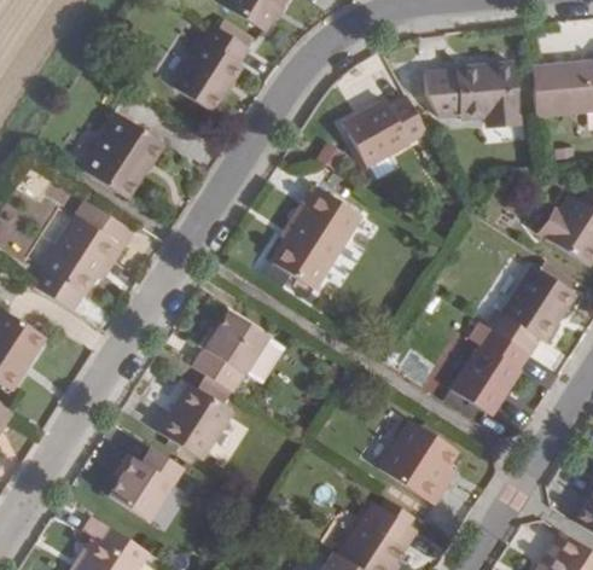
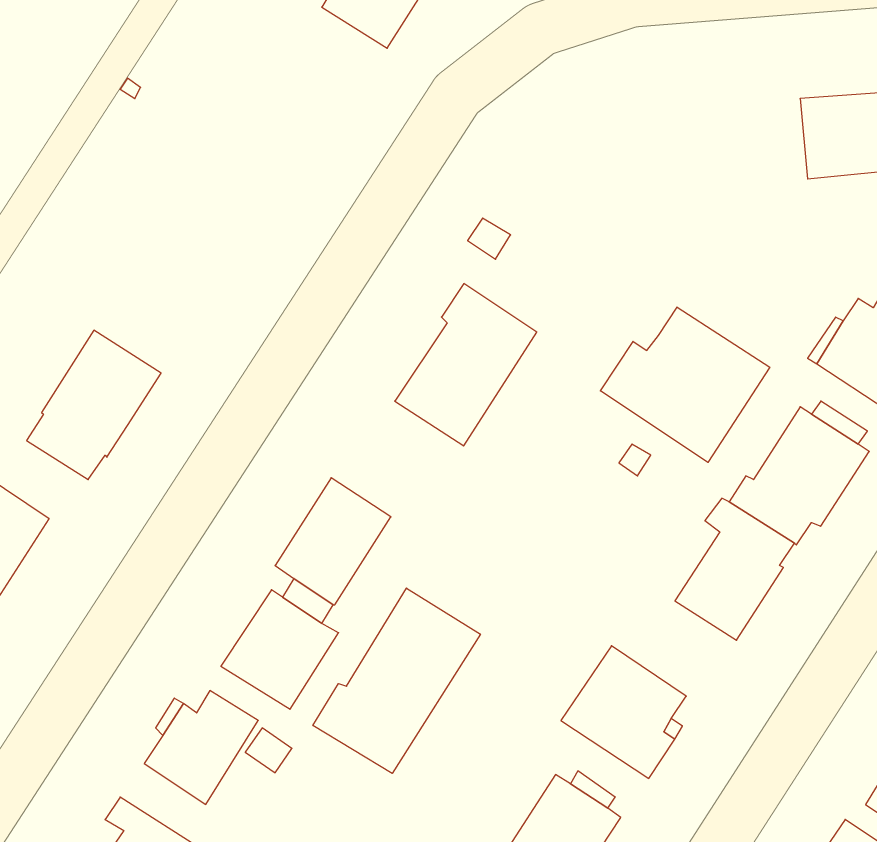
building: [173,25,248,114] -> none
building: [425,63,518,122] -> none
building: [342,95,426,168] -> none
building: [83,115,162,199] -> none
building: none -> [600,307,770,462]
building: [75,200,134,280] -> none
building: none -> [313,588,480,773]

